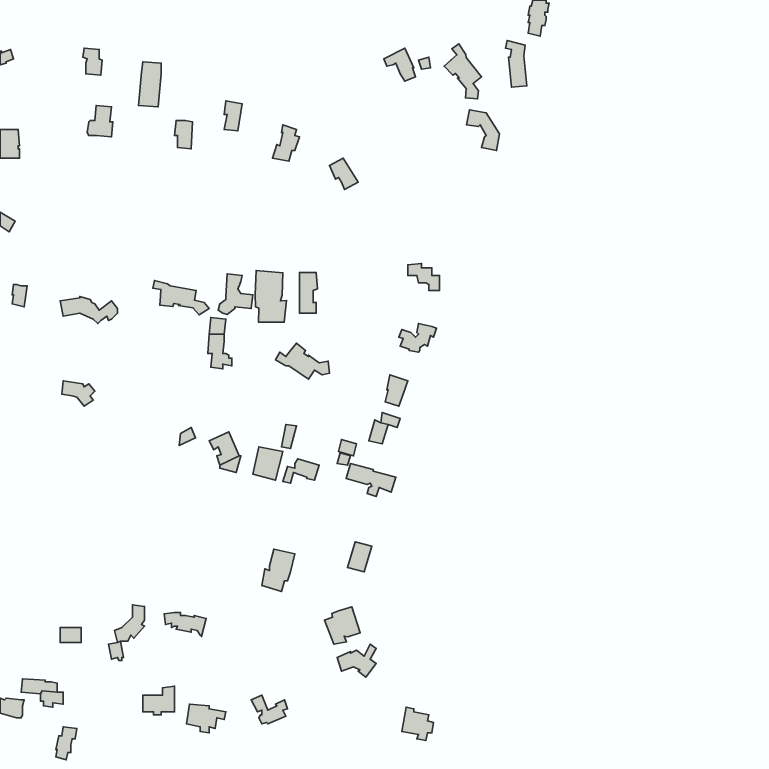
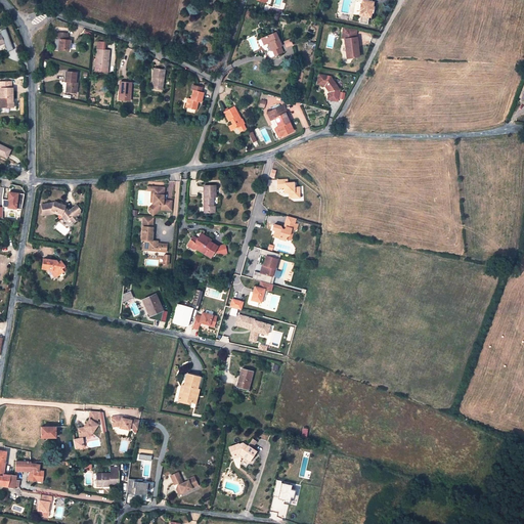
building: [444,44,482,99] -> none
building: none -> [267,105,294,137]
building: [255,270,287,322] -> none
building: [153,280,209,315] -> none
building: [325,607,360,644] -> none

